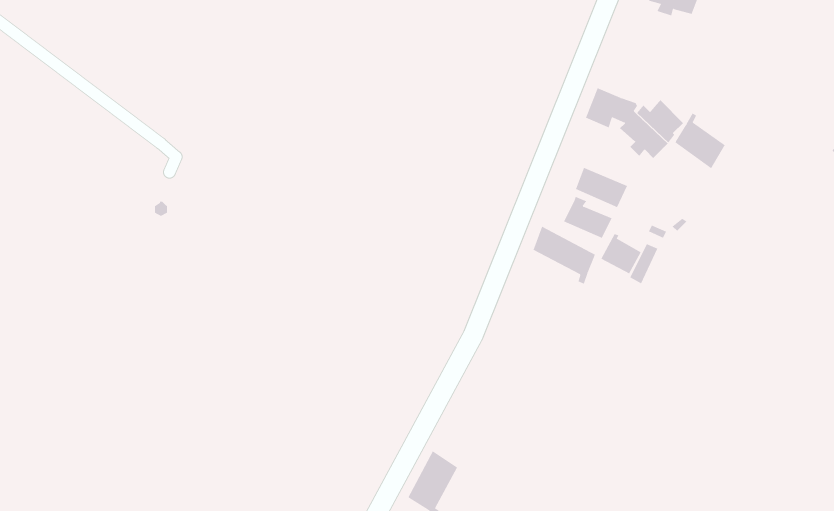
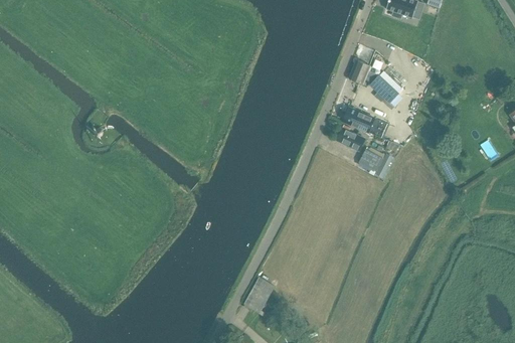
building: [674,113,726,169] -> none
building: [533,226,596,285] -> none

